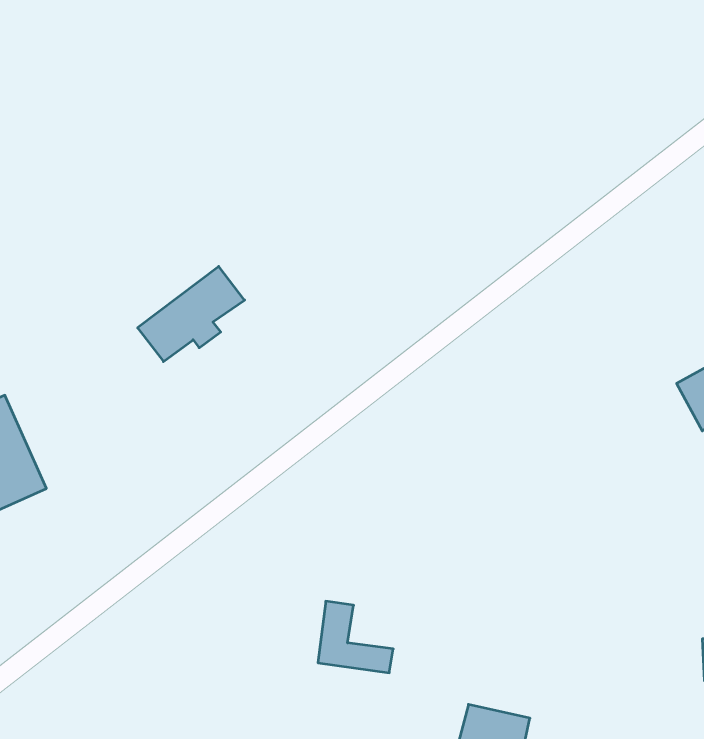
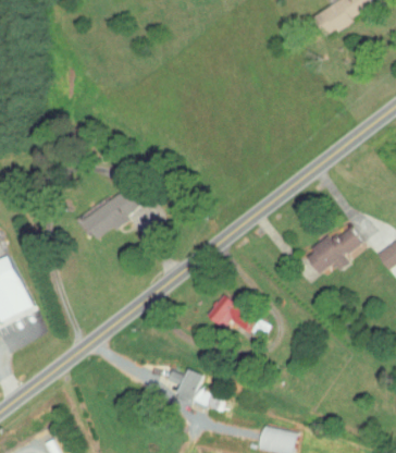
building: none -> [306,226,361,273]
building: none -> [208,294,255,331]

